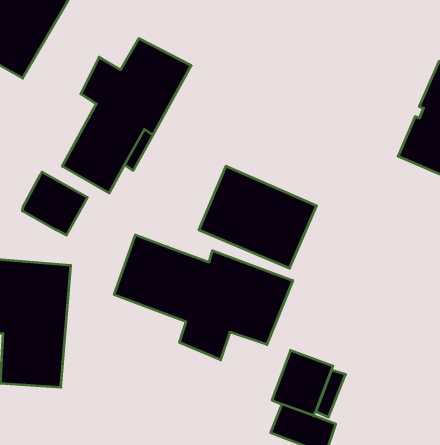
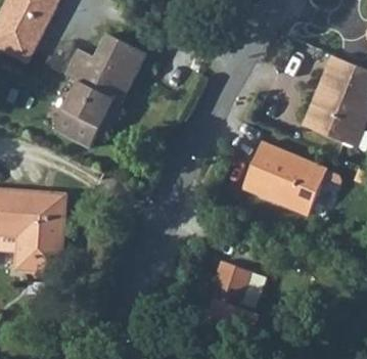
building: [199,166,317,268] -> [238,137,323,211]
building: [22,172,87,235] -> none
building: [114,235,293,360] -> none

